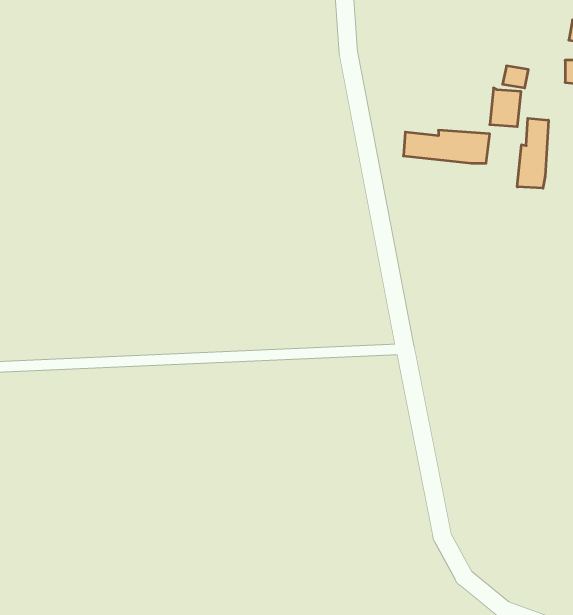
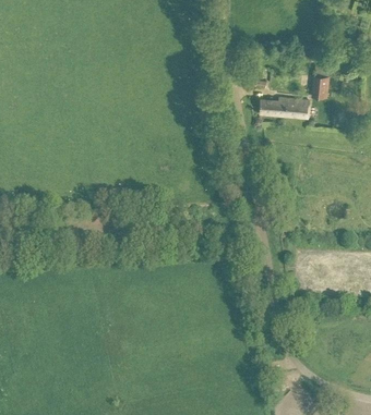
building: [517,118,548,188] -> none

